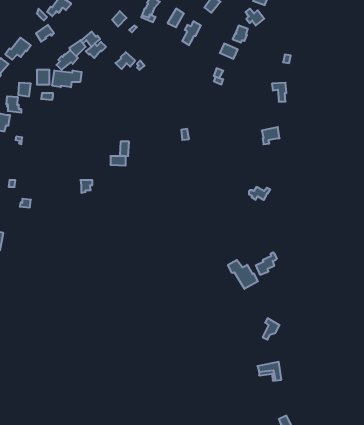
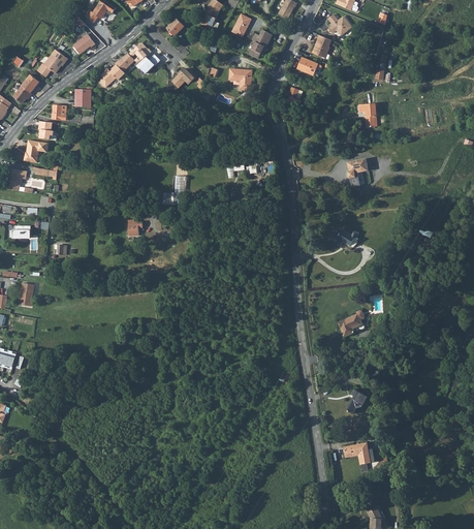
building: none -> [228,69,251,93]
building: [52,70,82,87] -> none
building: [228,260,258,289] -> none

